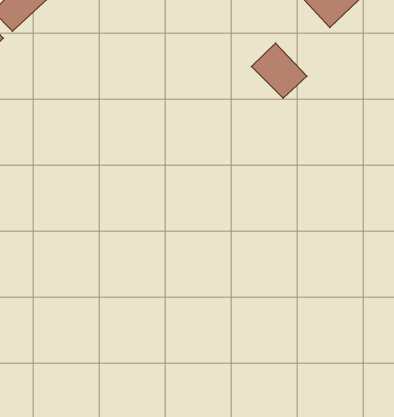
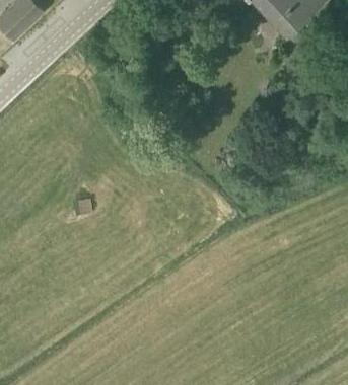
building: [252,43,307,98] -> none

